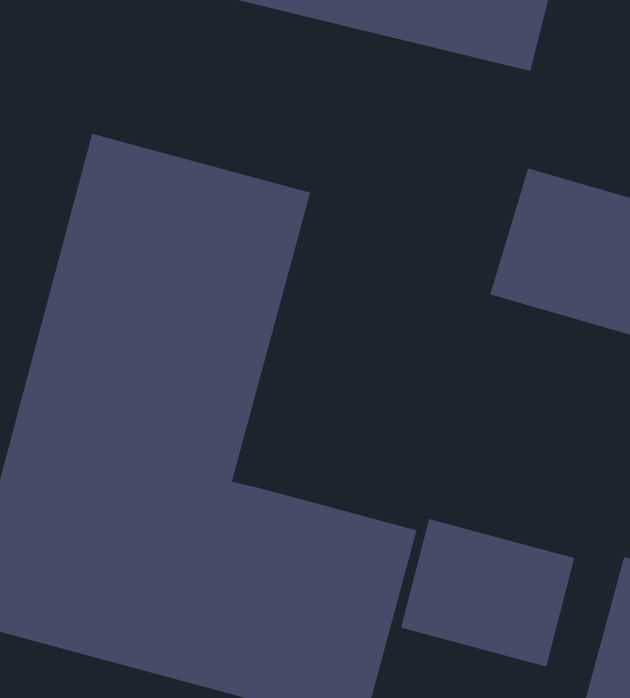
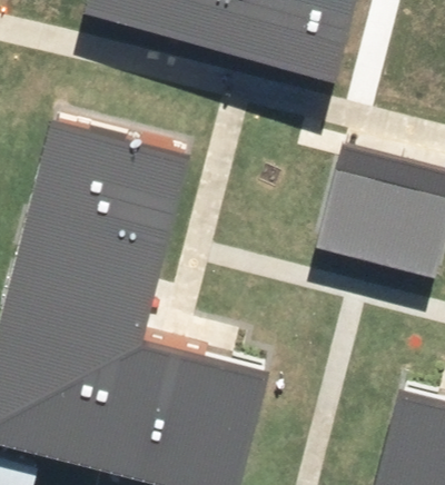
building: [400,518,575,667] -> none

